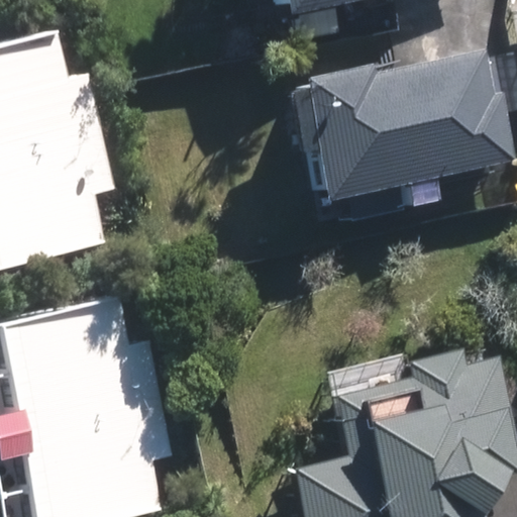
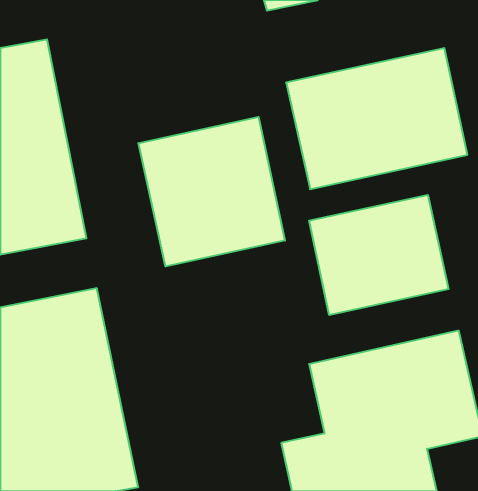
building: none -> [138,117,285,266]
building: none -> [309,195,449,315]

